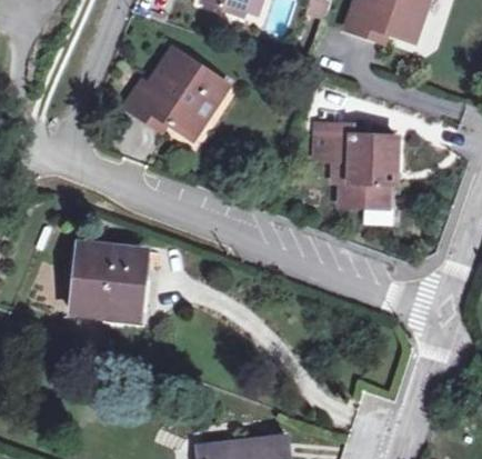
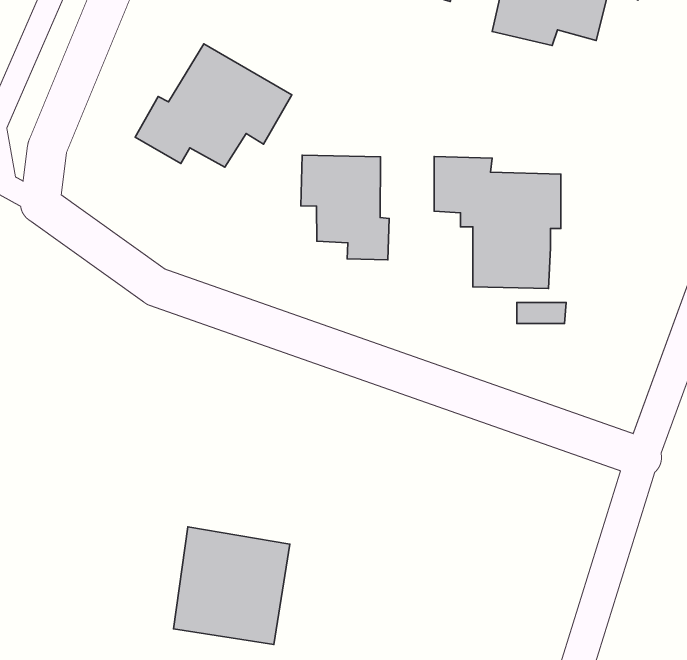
building: none -> [301,155,389,260]
building: [74,247,148,321] -> [174,527,290,645]

